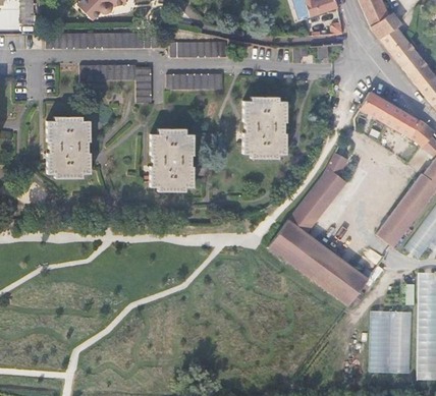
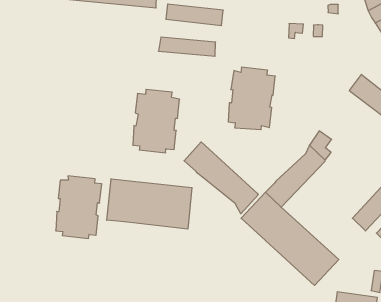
building: [80,65,151,103] -> none
building: [47,117,89,177] -> [56,176,102,238]
building: none -> [184,142,258,214]
building: none -> [107,179,192,229]

